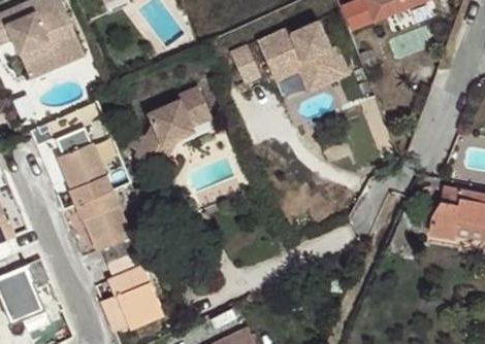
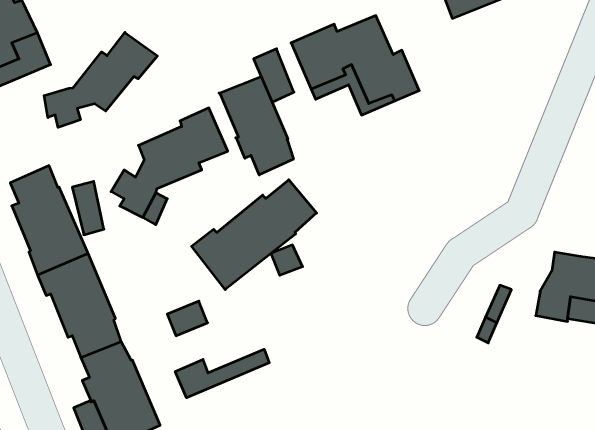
building: none -> [44,32,157,127]
building: none -> [219,76,293,175]
building: none -> [192,180,317,290]
building: none -> [175,349,269,398]

